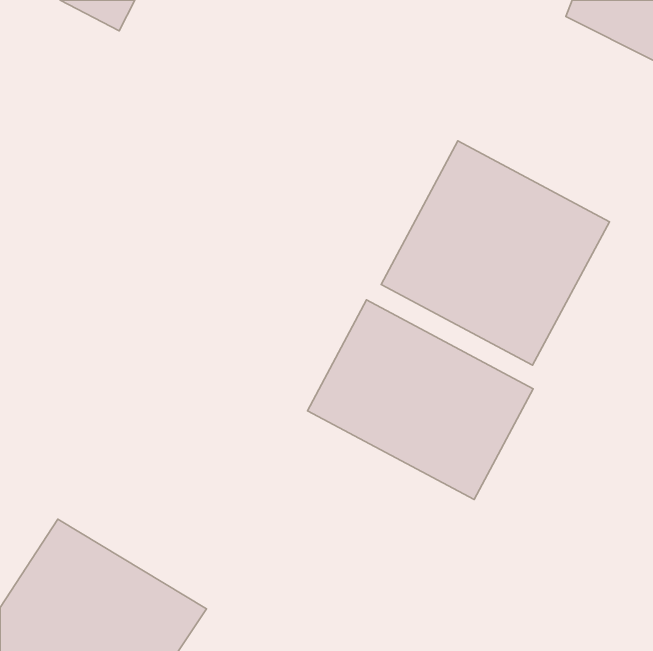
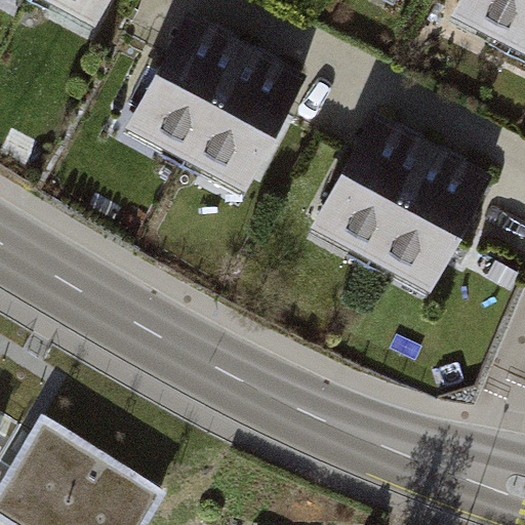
building: none -> [125,15,309,199]
building: [308,300,533,500] -> none

